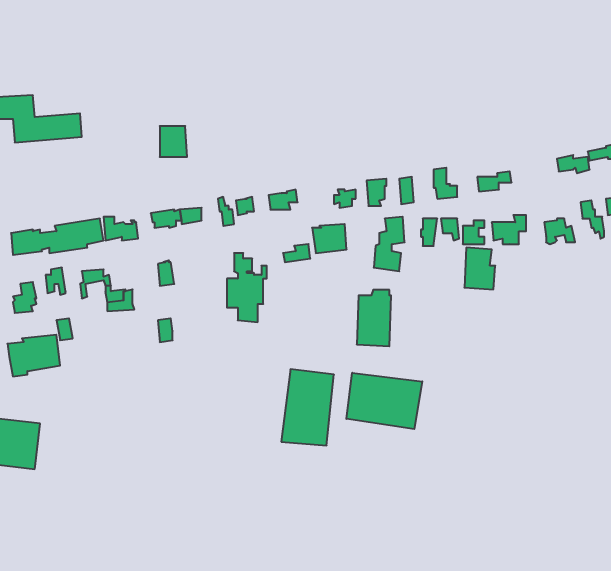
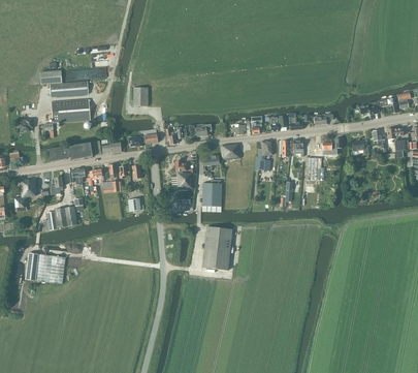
building: none -> [52,98,90,123]
building: [357,290,391,346] -> [202,180,222,212]
building: [346,373,422,429] -> none

